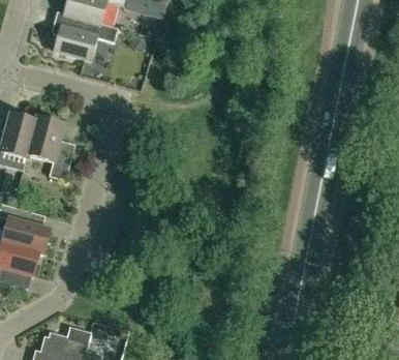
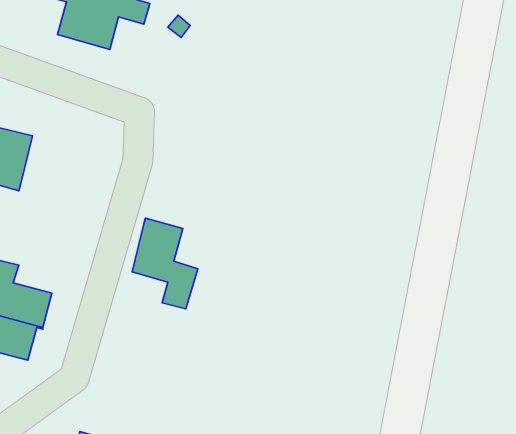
building: [28,117,73,180] -> [132,218,198,309]

